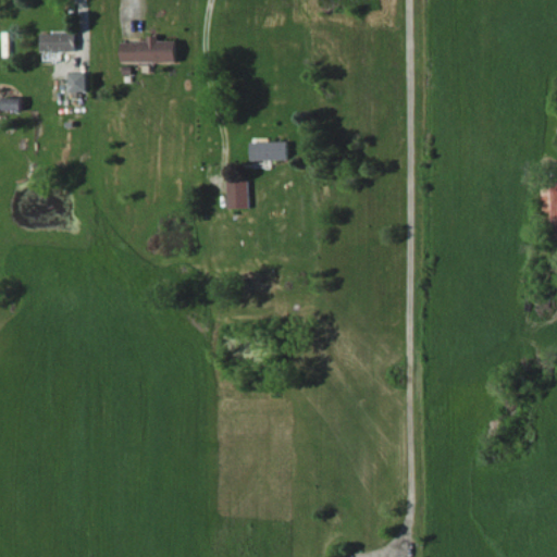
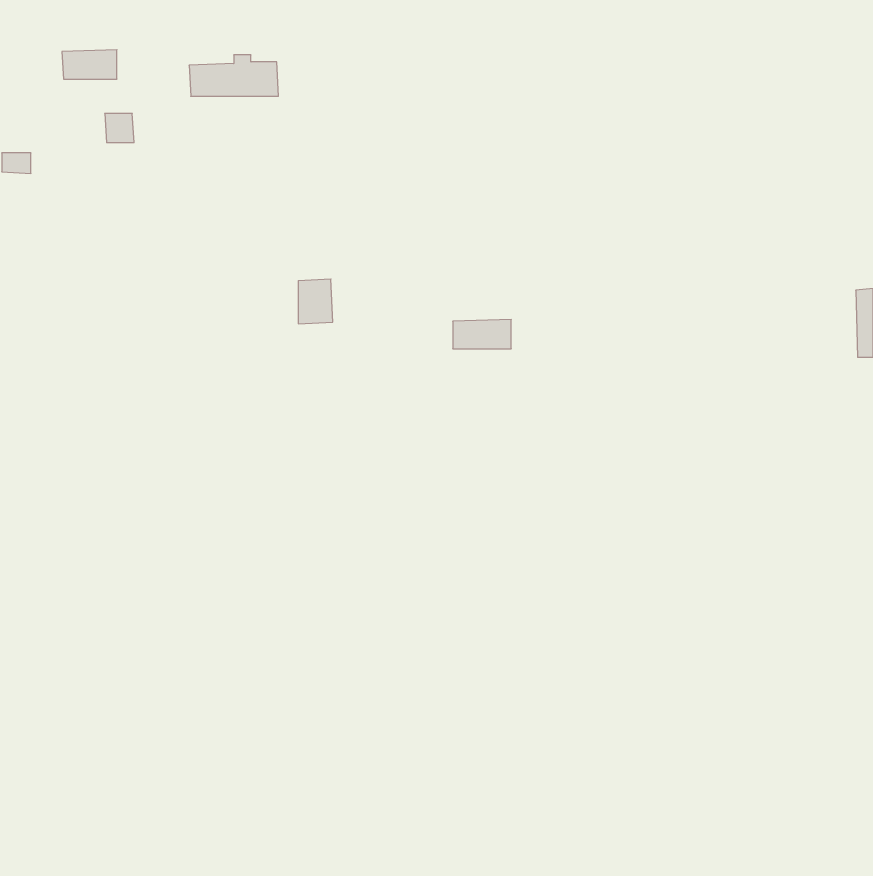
building: [250,141,287,160] -> [453,320,511,349]
building: [226,181,248,209] -> [298,279,333,324]

